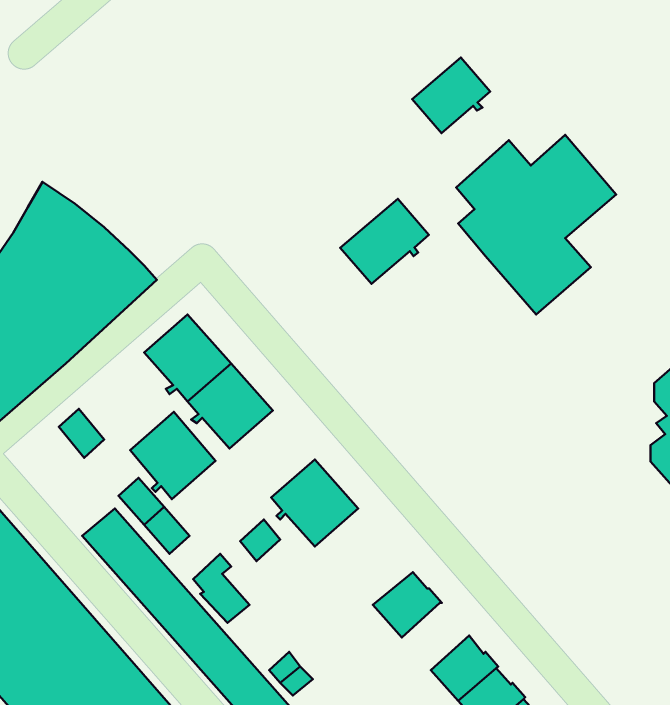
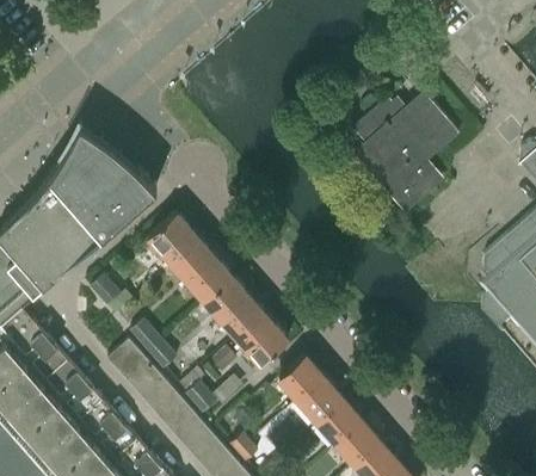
building: [412,58,490,133] -> none
building: [340,199,429,284] -> none
building: [130,412,216,499] -> [204,277,260,334]
building: none -> [279,359,325,404]
building: none -> [318,403,363,447]

